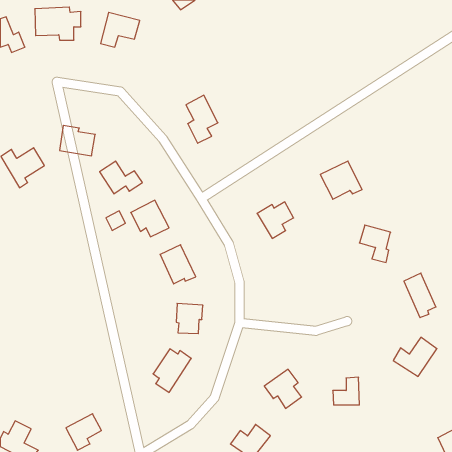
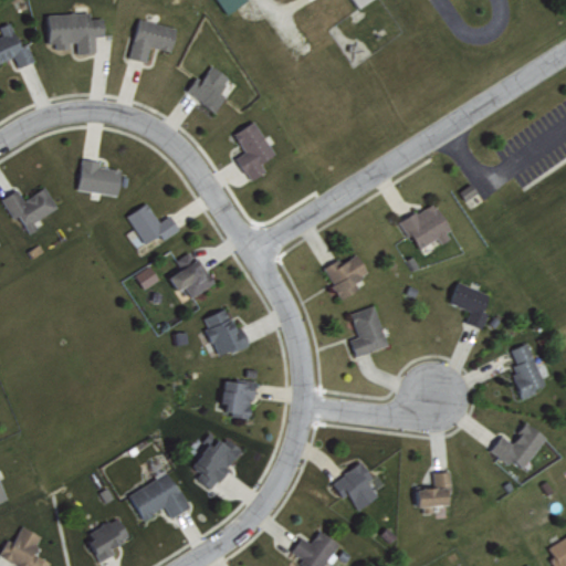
building: none -> [187,66,230,112]
building: none -> [349,306,388,357]
building: none -> [129,472,189,521]

